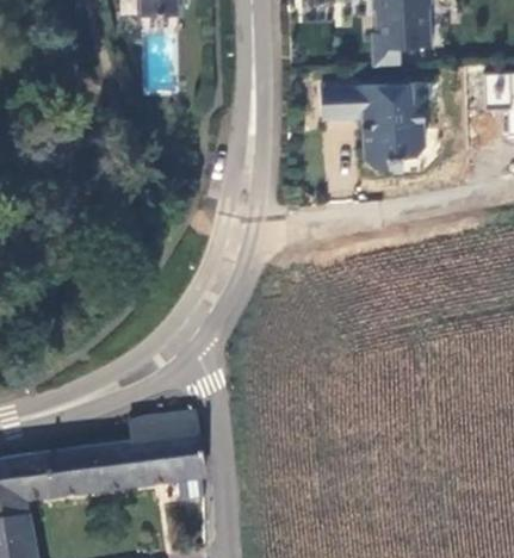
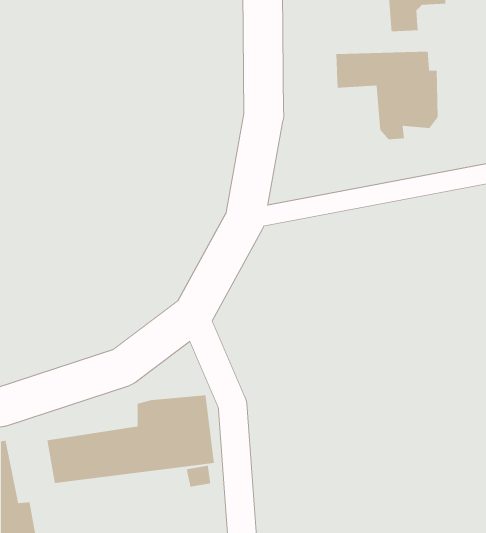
building: [6,450,51,514] -> none

